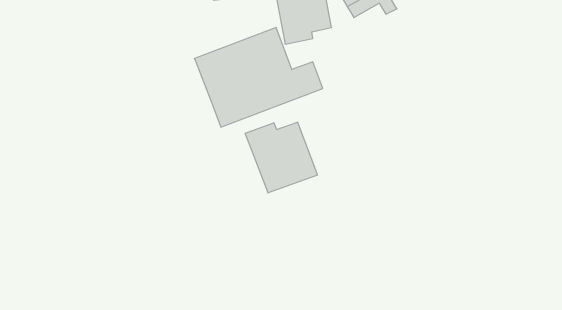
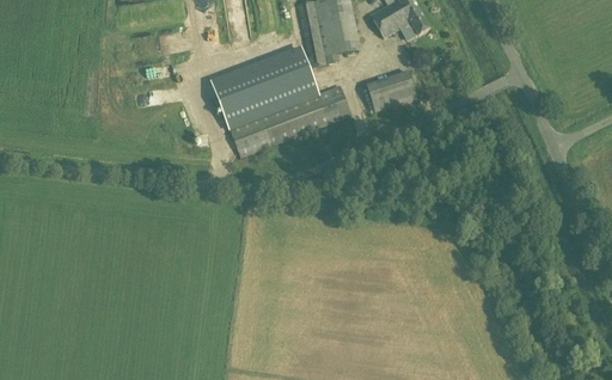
building: none -> [366,69,416,111]
building: [245,122,318,193] -> none

